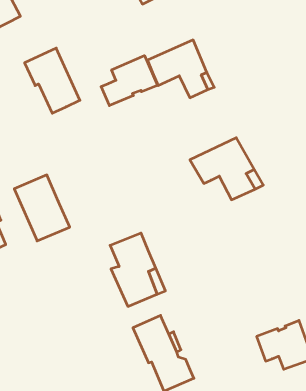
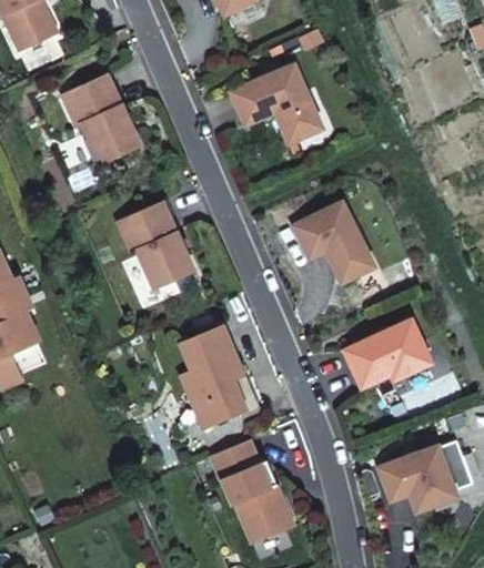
building: [101,56,157,106] -> none
building: [14,175,70,241] -> [117,202,192,292]
building: none -> [343,320,430,388]

